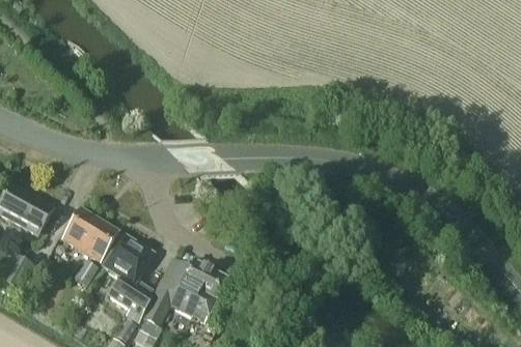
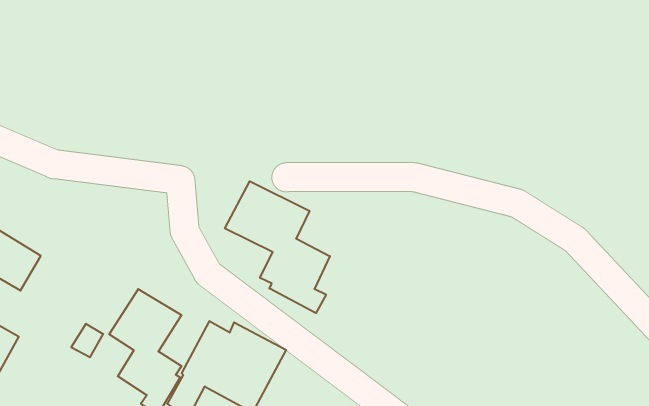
building: none -> [225,181,330,313]
building: [61,207,117,261] -> none

